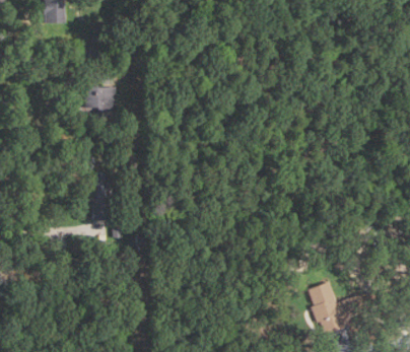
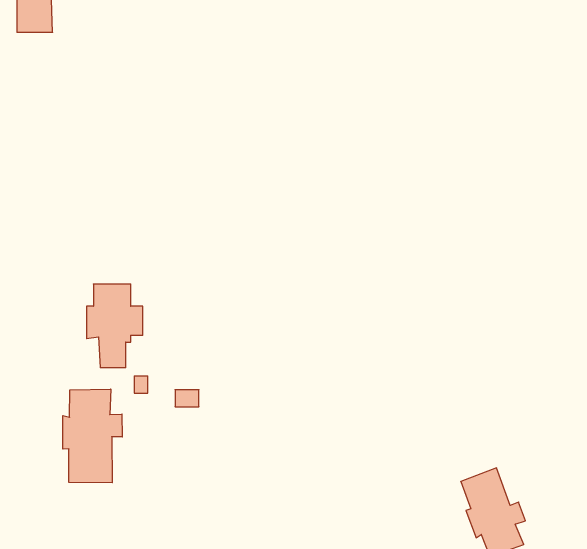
building: [83,85,116,114] -> none
building: none -> [63,389,122,483]

